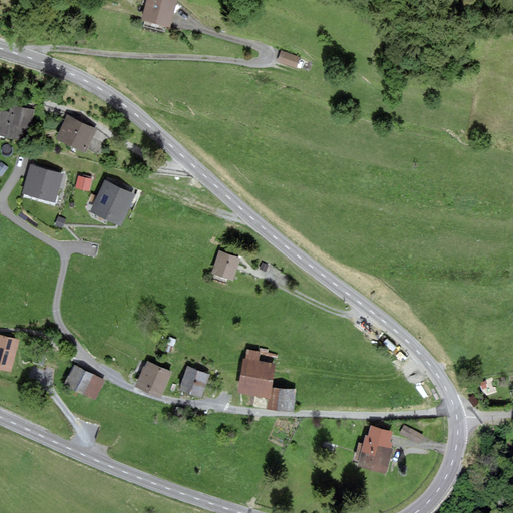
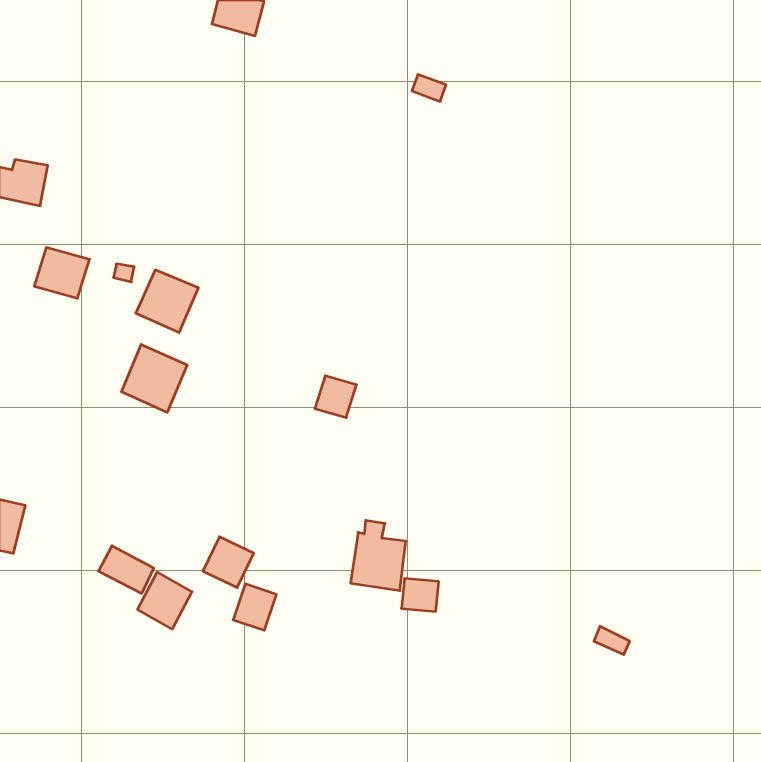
building: [56,116,94,150] -> none
building: none -> [122,344,187,412]
building: [180,367,209,398] -> [233,584,276,630]
building: none -> [138,572,192,629]
building: [356,426,392,473] -> none

